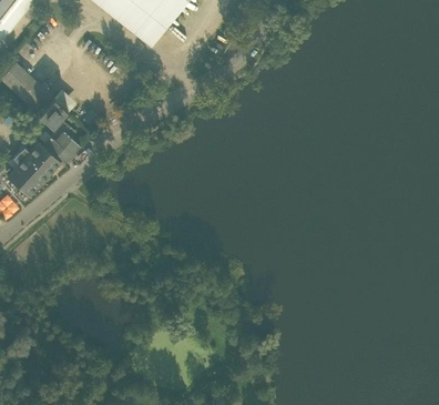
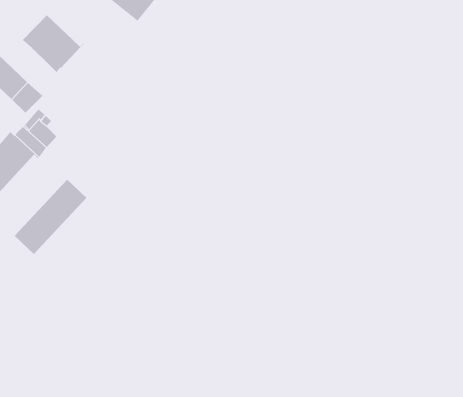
building: none -> [22,14,85,73]
building: none -> [14,179,87,255]

